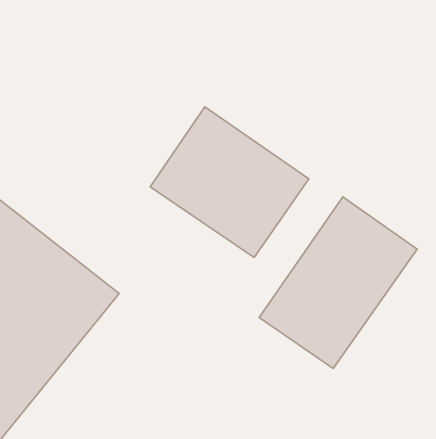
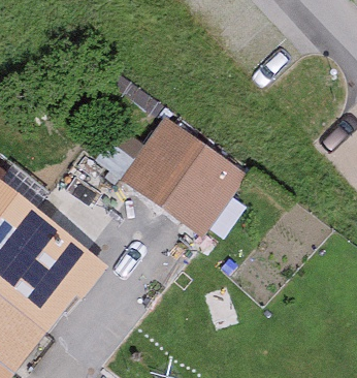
building: [259,197,417,369] -> none

